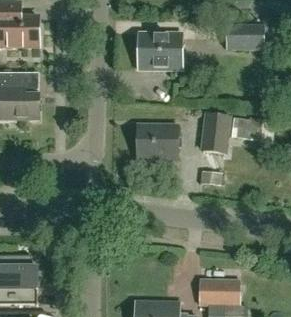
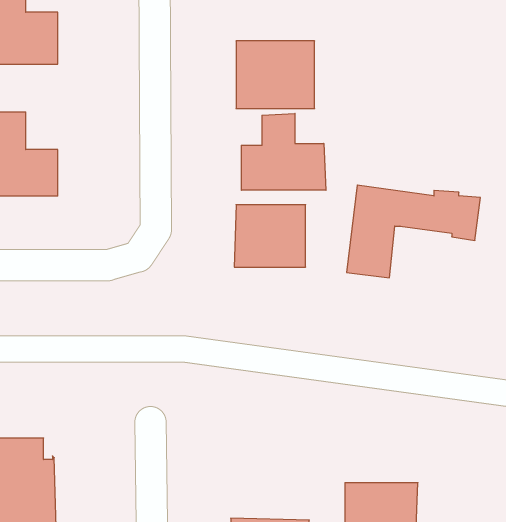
building: [226,26,266,51] -> none
building: none -> [241,113,326,190]

